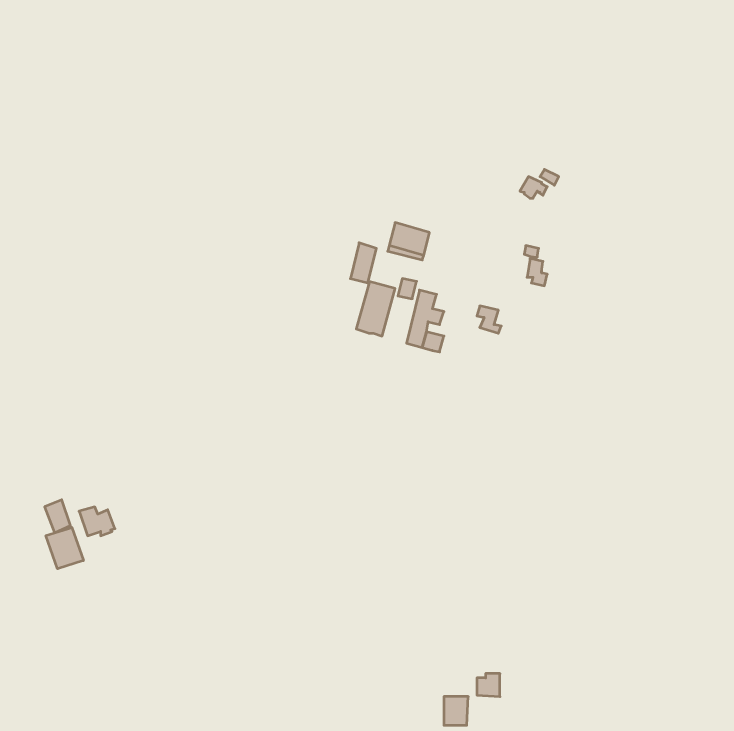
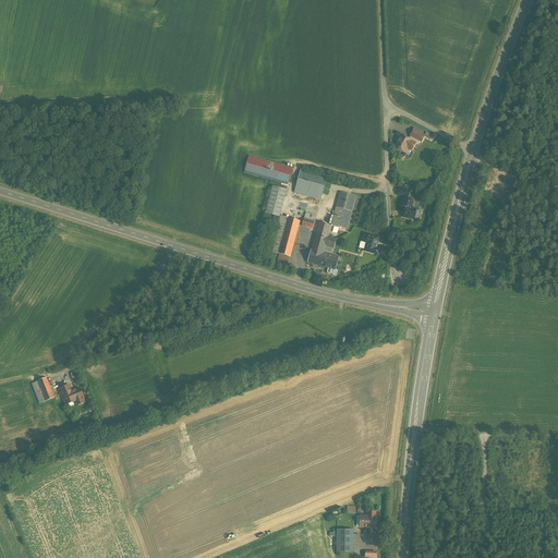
building: none -> [244,155,292,182]
building: none -> [331,190,356,227]
building: [46,527,83,569] -> none

